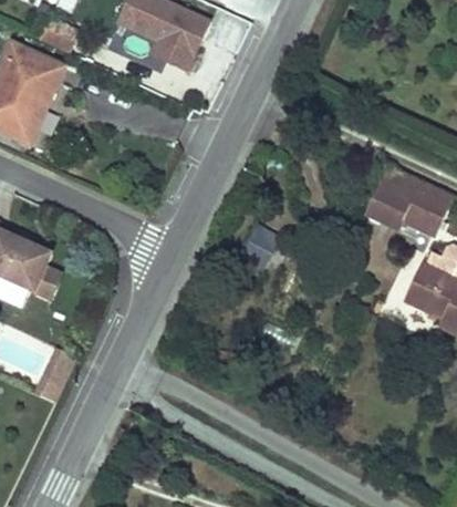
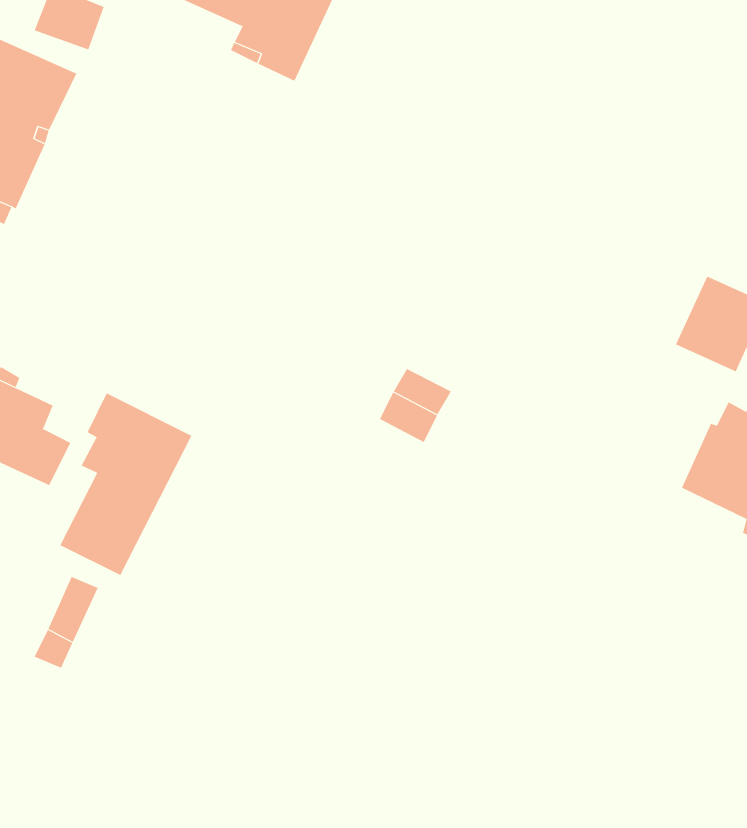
building: [366,164,419,226] -> none
building: none -> [60,393,192,576]

